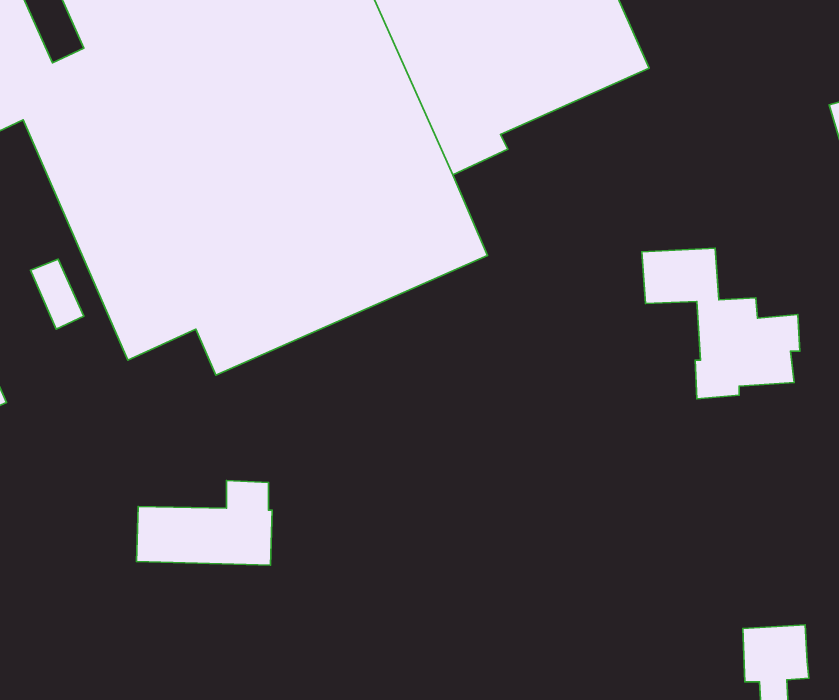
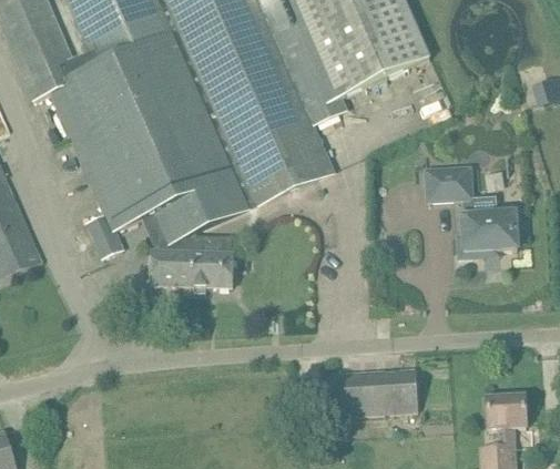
building: [30,259,84,329] -> [88,214,120,256]
building: [136,481,272,565] -> [151,234,233,285]
building: none -> [329,367,418,415]

